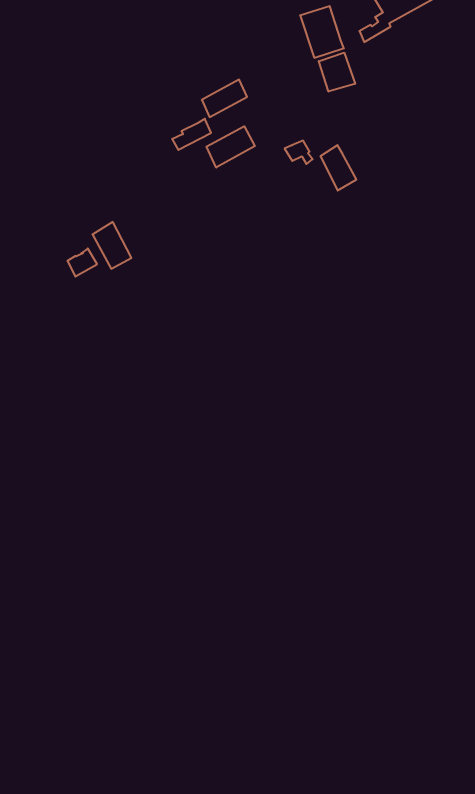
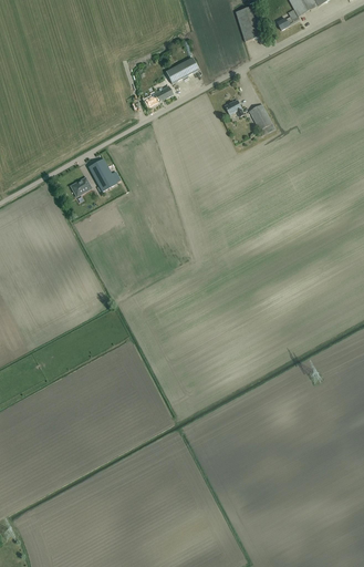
building: [319,53,355,92] -> none
building: [207,126,255,168] -> none

